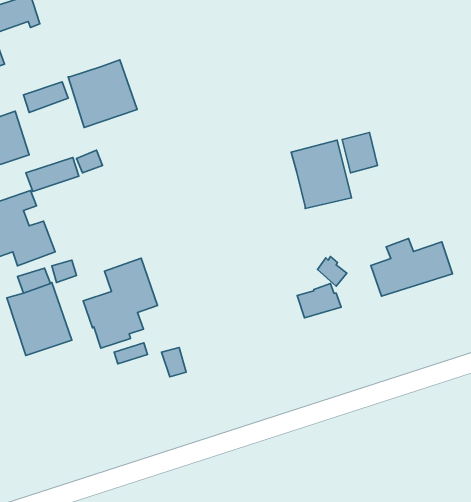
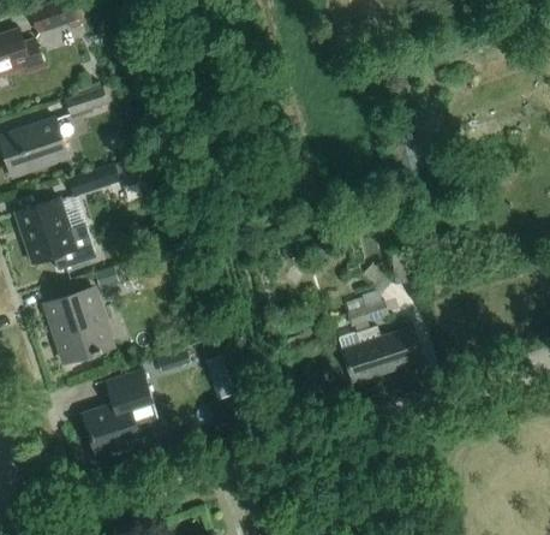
building: [68,60,137,127] -> none
building: [291,140,352,208] -> none
building: [371,238,452,296] -> [339,325,422,384]
building: [83,258,158,348] -> [83,369,159,460]

